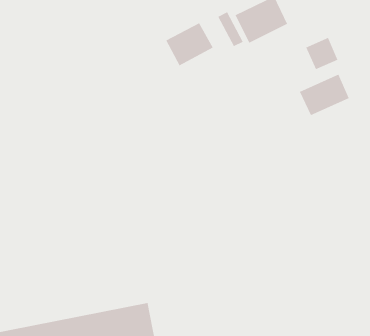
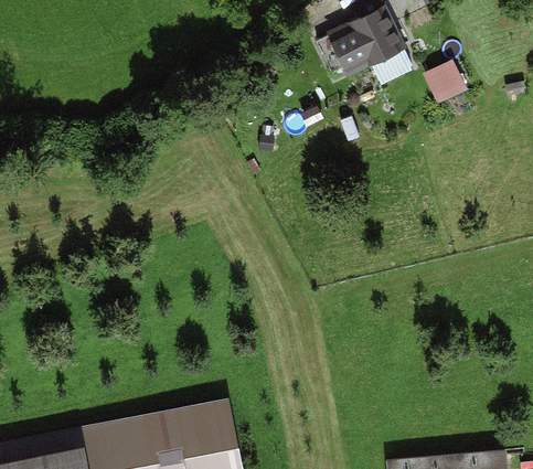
building: [165,22,214,67] -> none
building: [299,73,350,116] -> none

